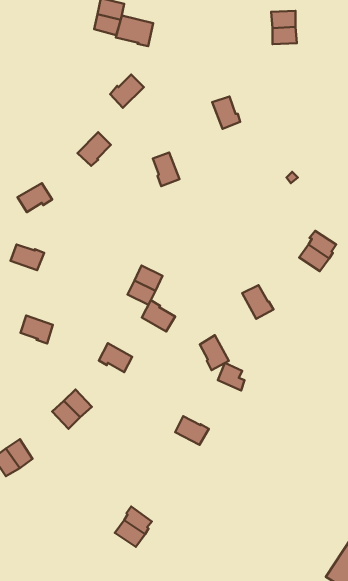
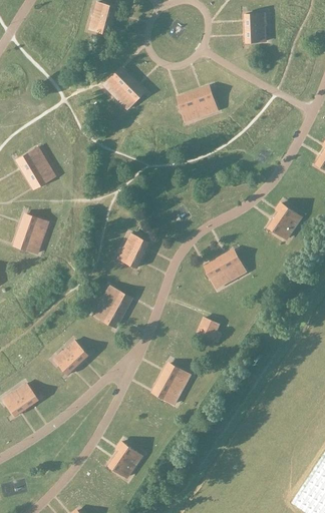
building: [116,15,153,46] -> none
building: [77,132,111,166] -> [115,79,144,108]
building: [153,153,180,186] -> [179,92,202,121]
building: none -> [16,147,45,174]
building: [142,300,175,331] -> [102,286,131,313]
building: [20,316,53,343] -> [13,229,41,253]
building: [200,335,229,370] -> [206,258,231,288]
building: none -> [152,378,182,404]

